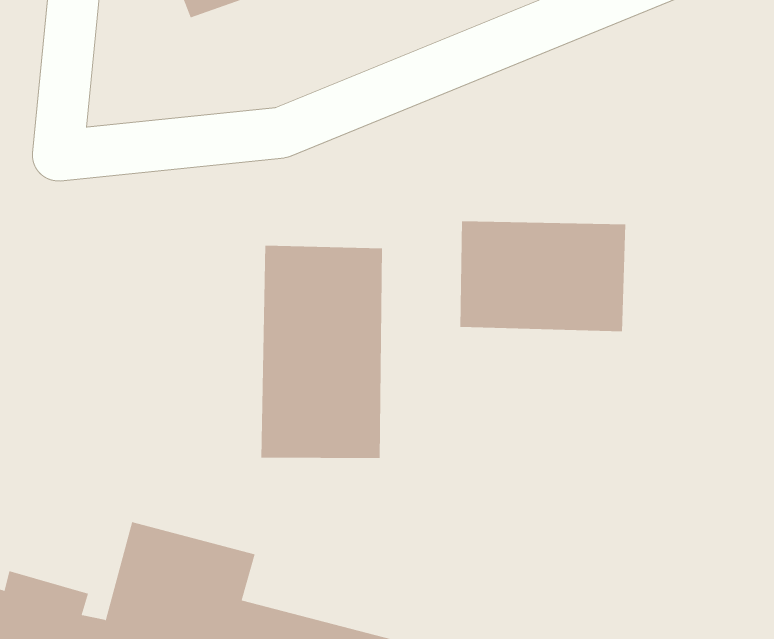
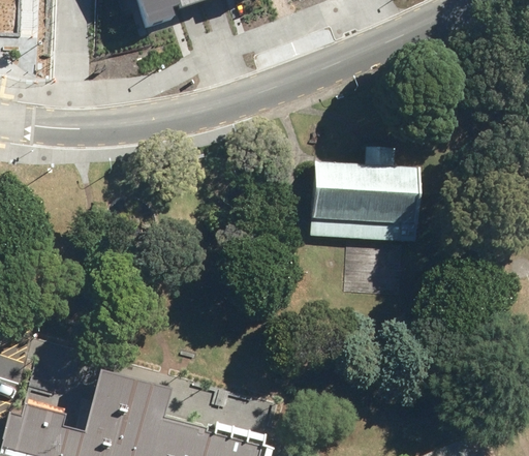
building: [261,245,383,459] -> none

